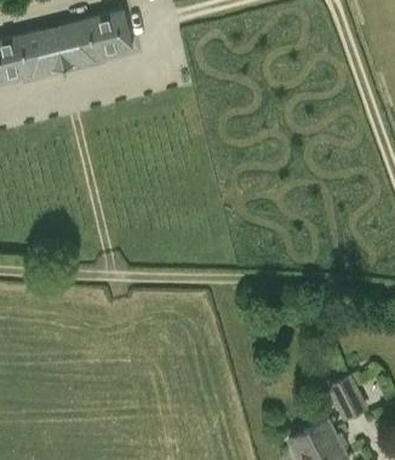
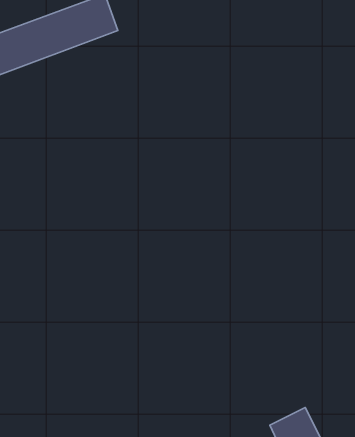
building: [328,374,367,420] -> none

